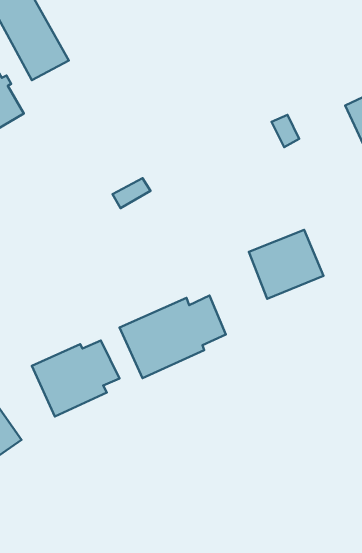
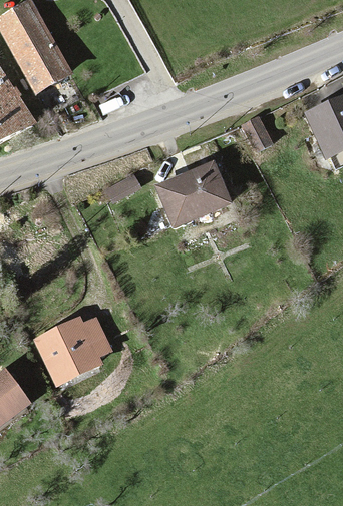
building: [249,230,324,299] -> [161,163,227,223]
building: [120,295,226,378] -> none

